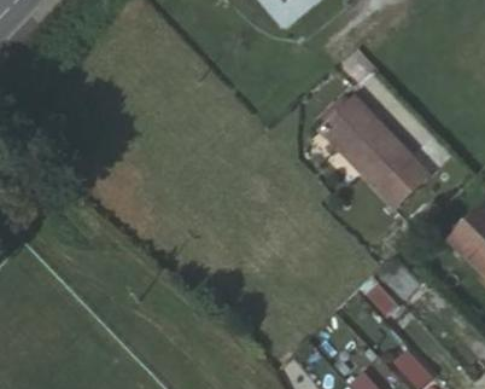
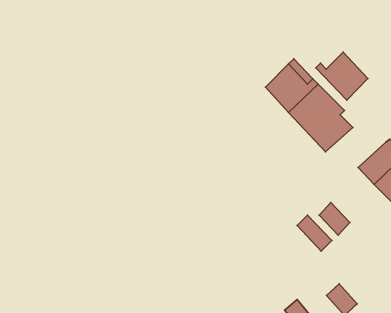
building: none -> [316,52,368,100]

